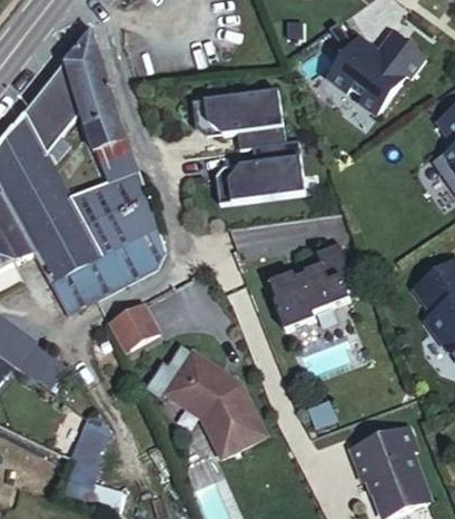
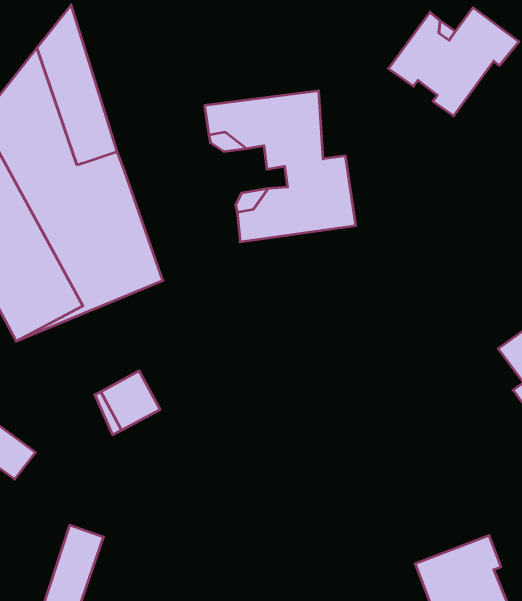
building: [50,235,165,314] -> none
building: [267,244,353,332] -> none
building: [164,352,266,458] -> none

